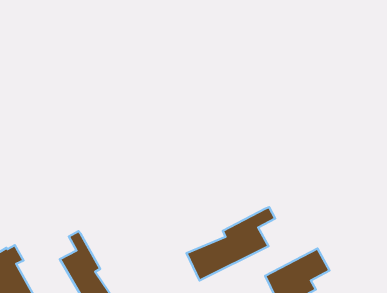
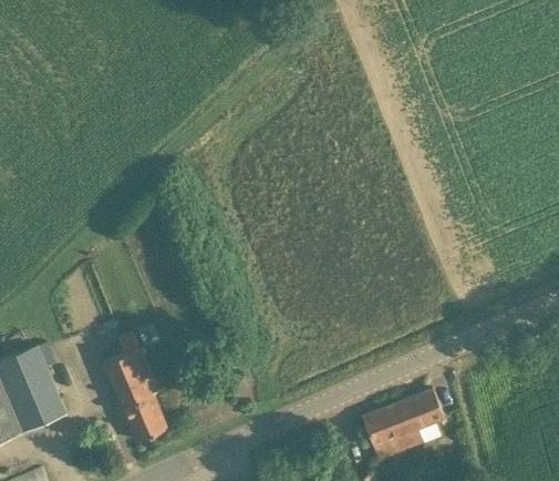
building: [186,207,275,281] -> none

